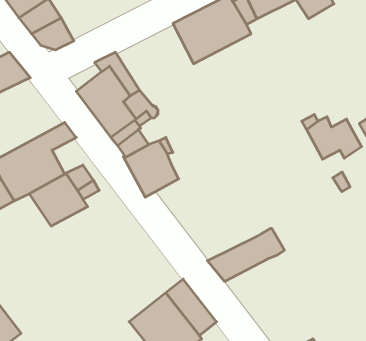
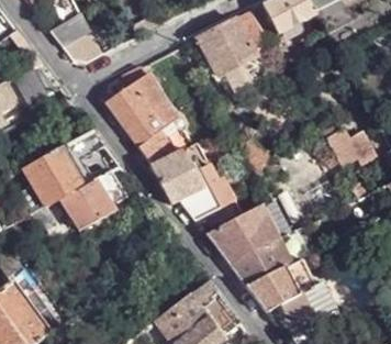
building: none -> [178,166,235,220]
building: none -> [205,198,289,263]
building: none -> [246,257,336,319]

